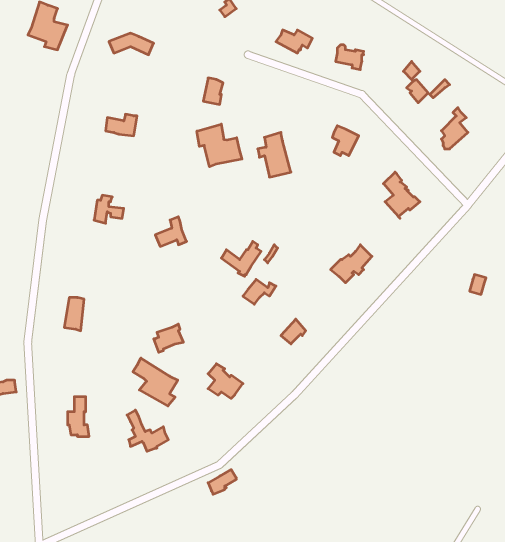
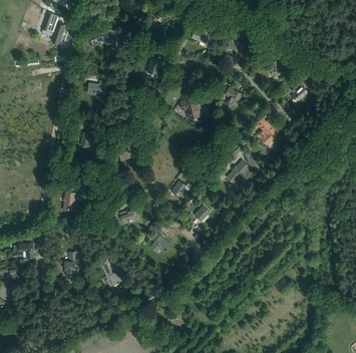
building: [197,124,242,167] -> none
building: [133,358,178,406] -> none

